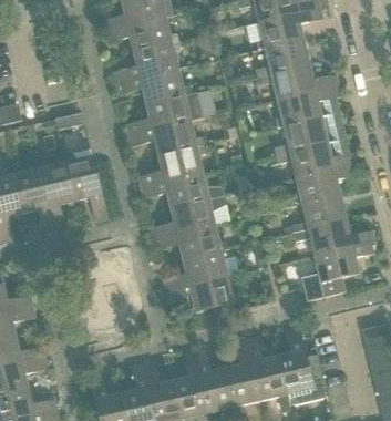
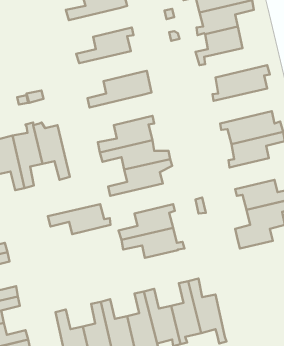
building: [104,17,178,51] -> none
building: [264,64,338,99] -> none
building: [116,68,191,103] -> none
building: [272,112,343,163] -> none
building: [128,120,203,155] -> none
building: [291,194,347,240] -> none
building: [153,224,227,259] -> [48,204,111,234]
building: [277,326,327,404] -> none

